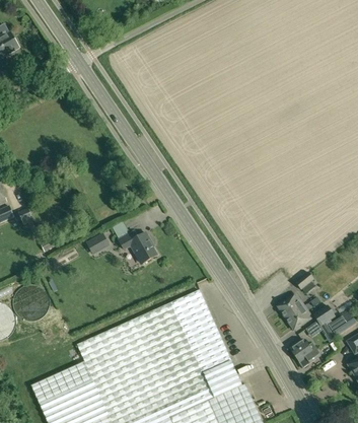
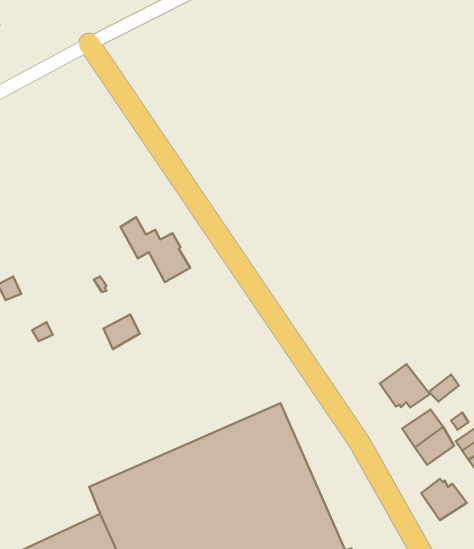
building: [113,222,157,264] -> [121,217,190,282]
building: none -> [380,364,430,407]

